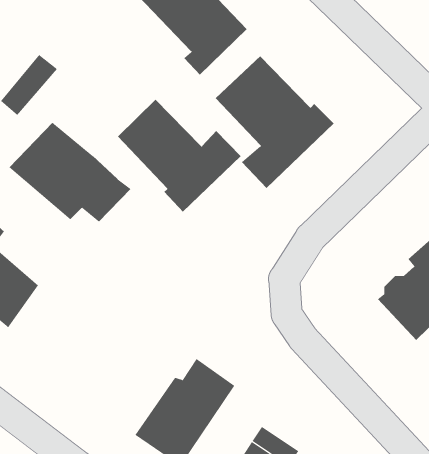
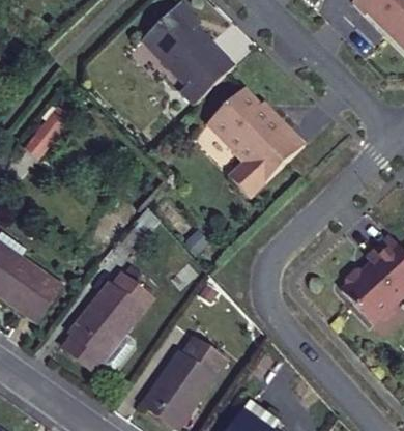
building: [117,99,242,213] -> none
building: [9,122,131,223] -> none
building: none -> [61,266,149,373]

